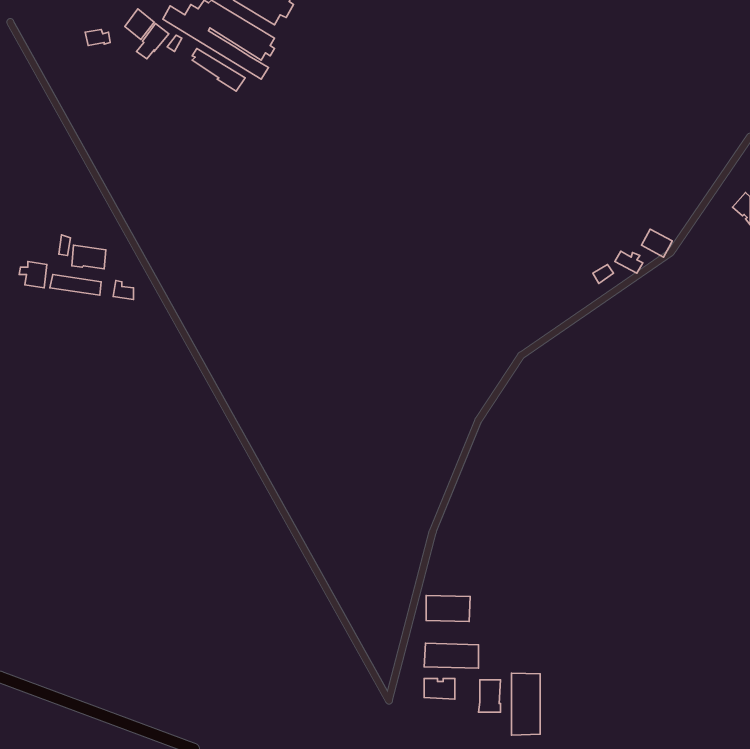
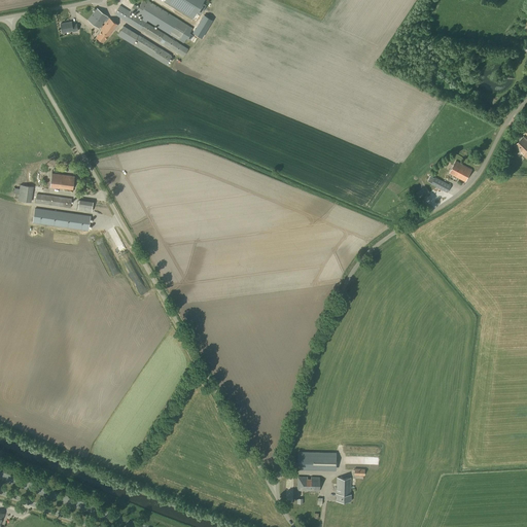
building: none -> [32,207,91,230]
building: [426,595,470,621] -> none
building: [511,673,540,735] -> none

